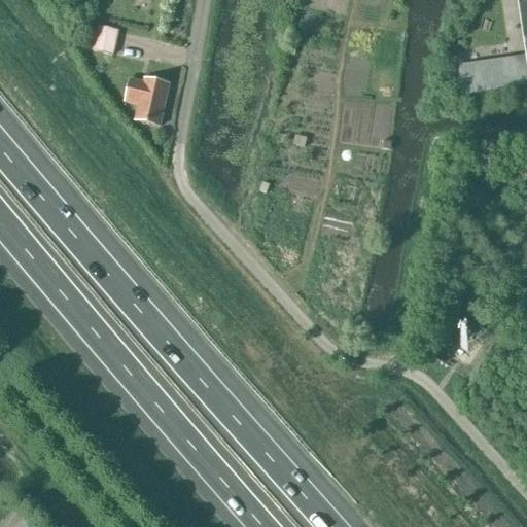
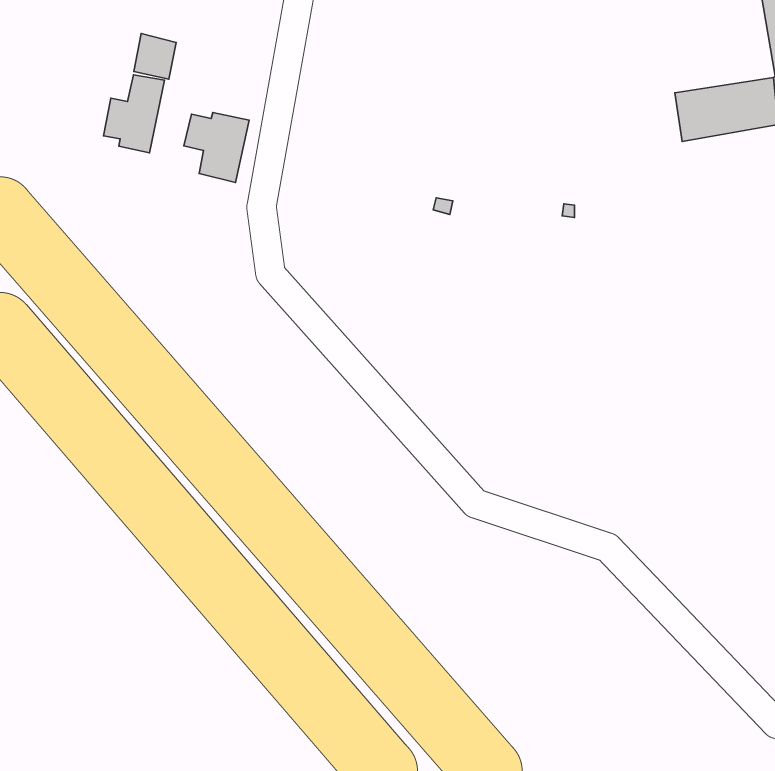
building: none -> [103,75,165,153]

